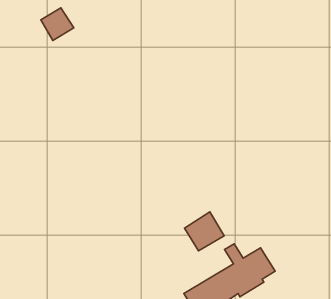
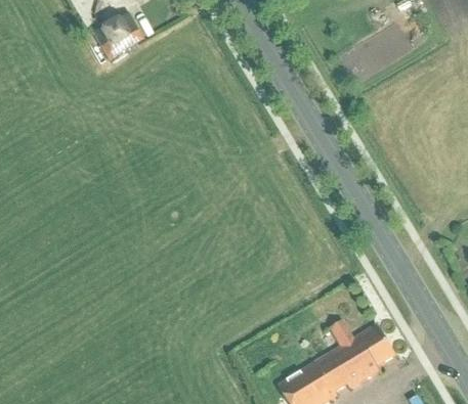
building: [185,212,224,251] -> none

